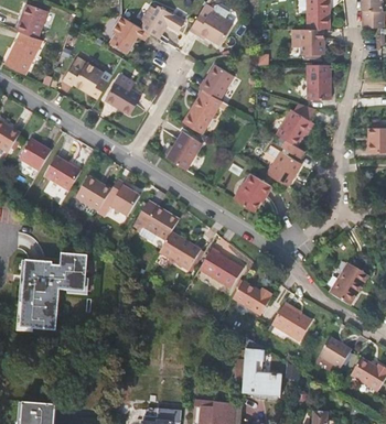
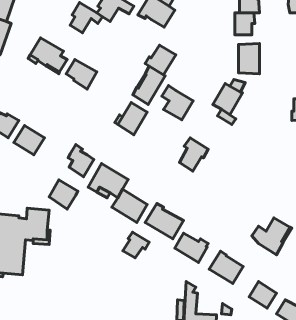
building: [265,145,301,185] -> [162,86,193,120]
building: [78,177,111,211] -> [49,180,78,209]
building: none -> [123,232,149,258]

